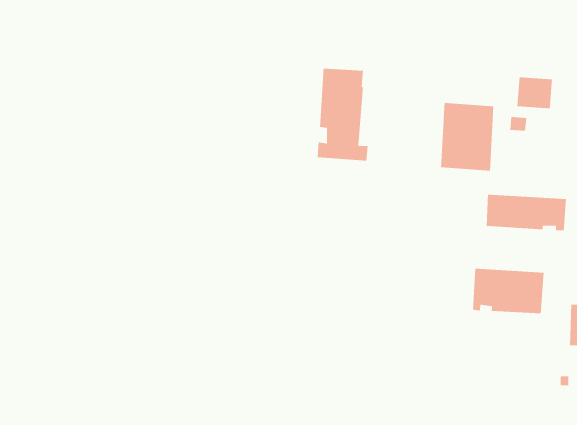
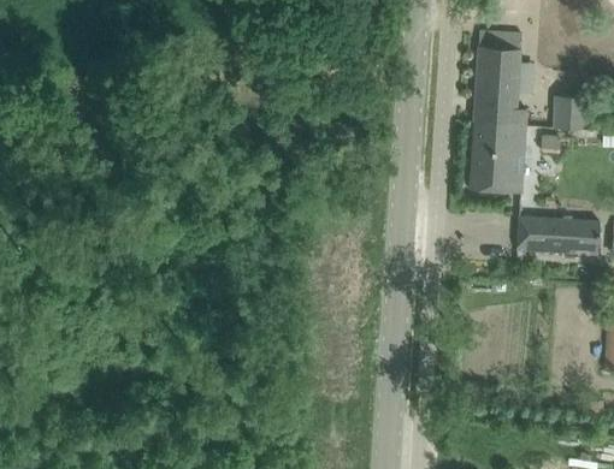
building: [317,68,368,161] -> [474,30,527,126]
building: [472,268,545,314] -> none

